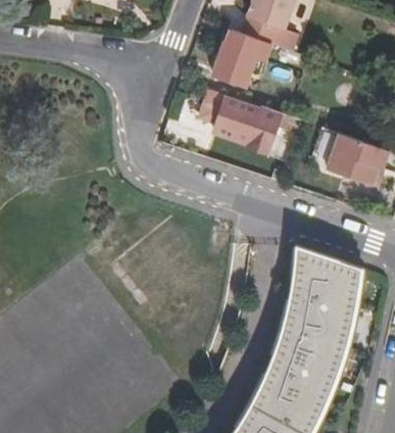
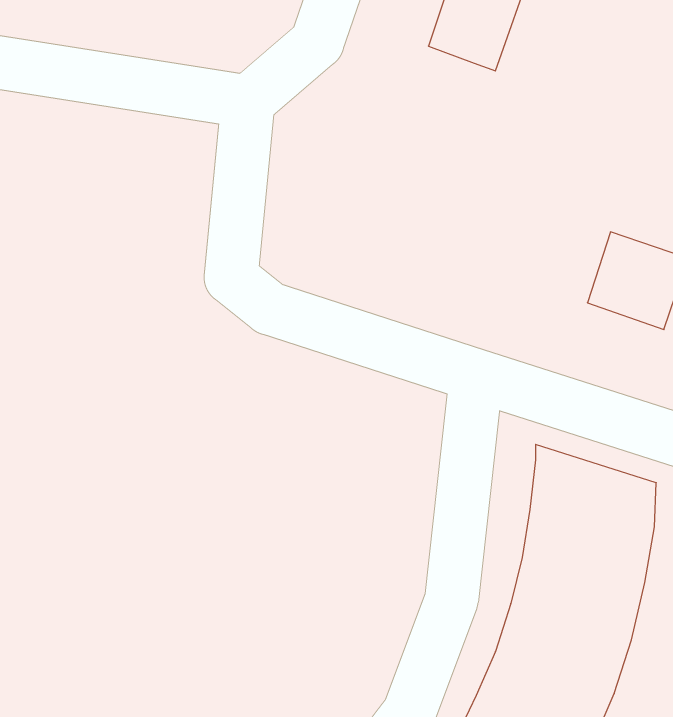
building: [209,30,264,89] -> none
building: [211,97,279,152] -> none

